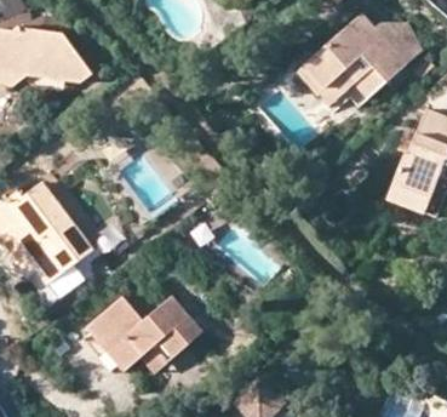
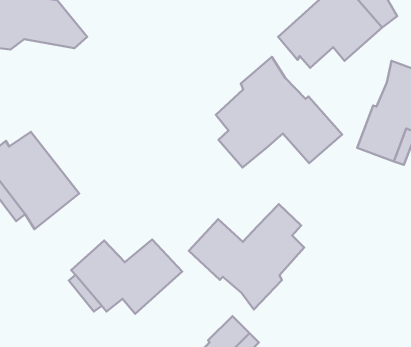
building: none -> [216,57,342,168]
building: none -> [189,204,304,310]

